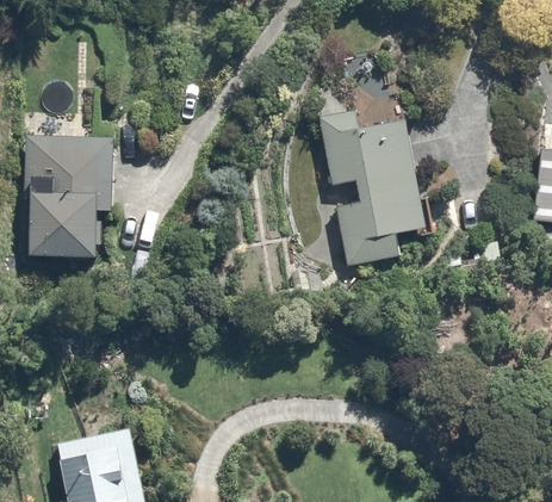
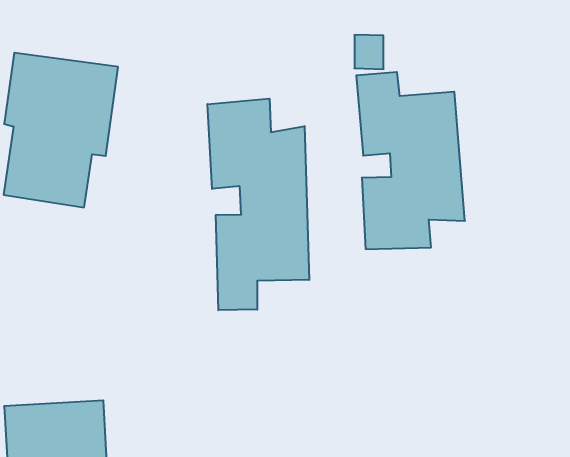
building: none -> [207,99,309,310]

